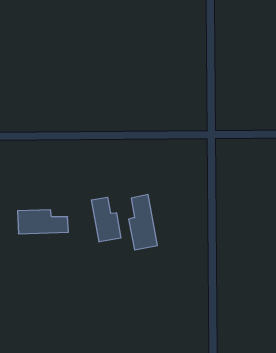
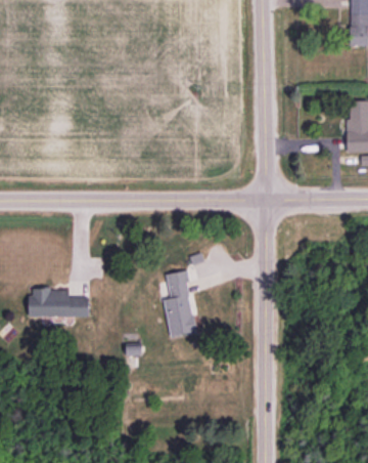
building: [91,197,121,242] -> none

